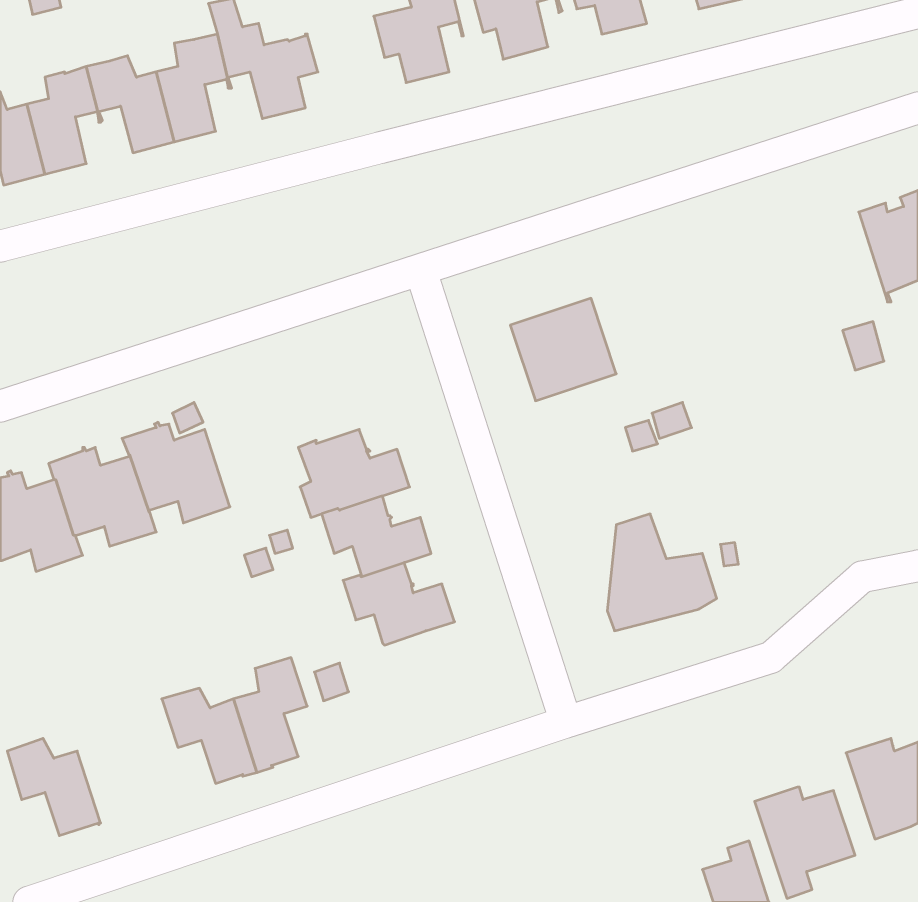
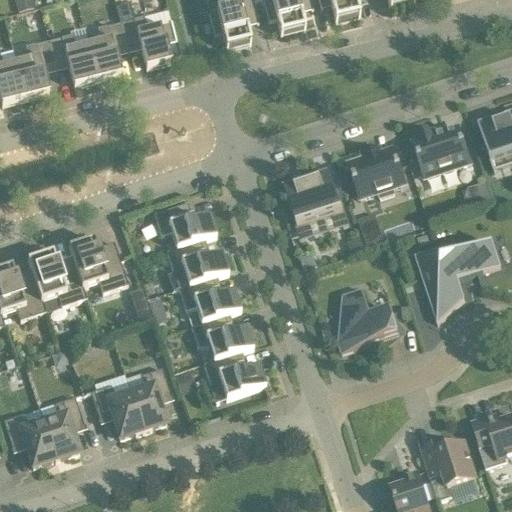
building: none -> [413,123,471,176]
building: none -> [348,145,406,196]
building: none -> [154,200,216,247]
building: none -> [416,239,501,320]
building: none -> [203,351,266,396]
building: none -> [43,394,84,458]

